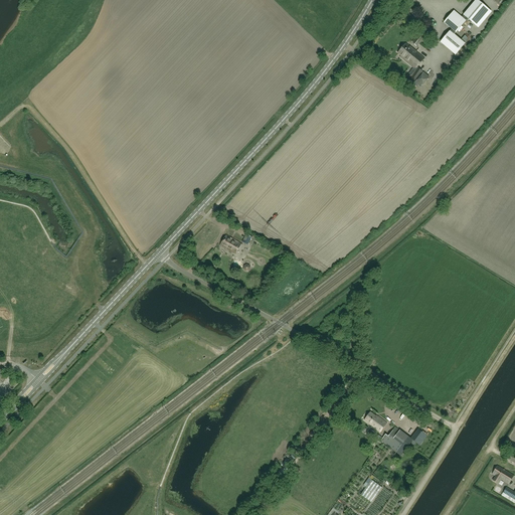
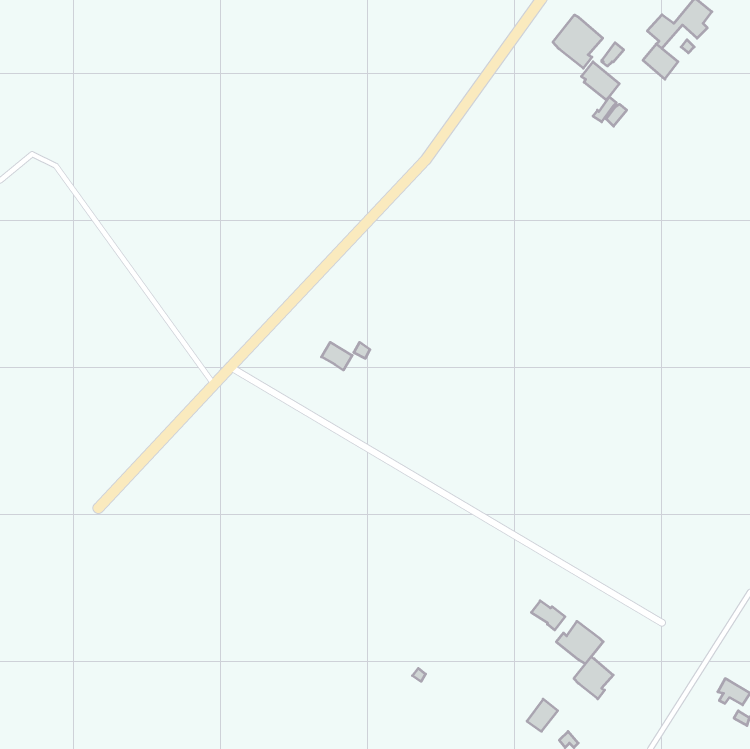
building: none -> [553,15,603,68]
building: none -> [574,657,613,699]

